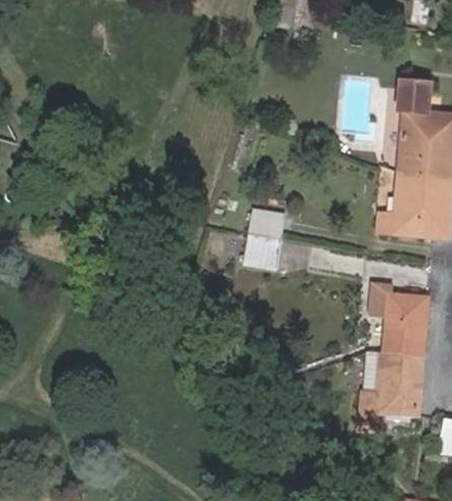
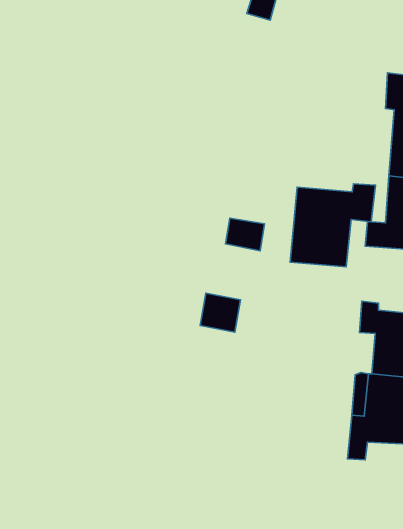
building: none -> [290,184,375,267]
building: [243,231,280,267] -> [200,293,240,332]

